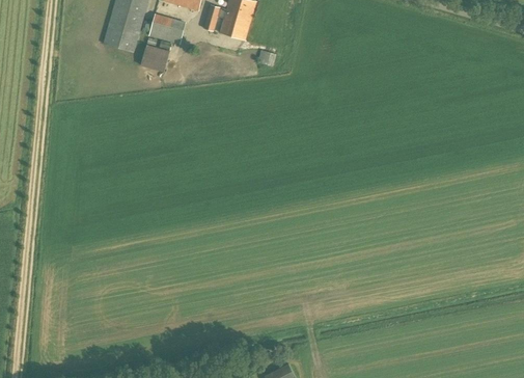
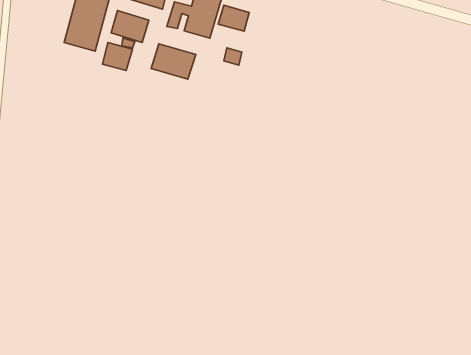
building: none -> [218,5,249,31]
building: none -> [151,44,196,79]

